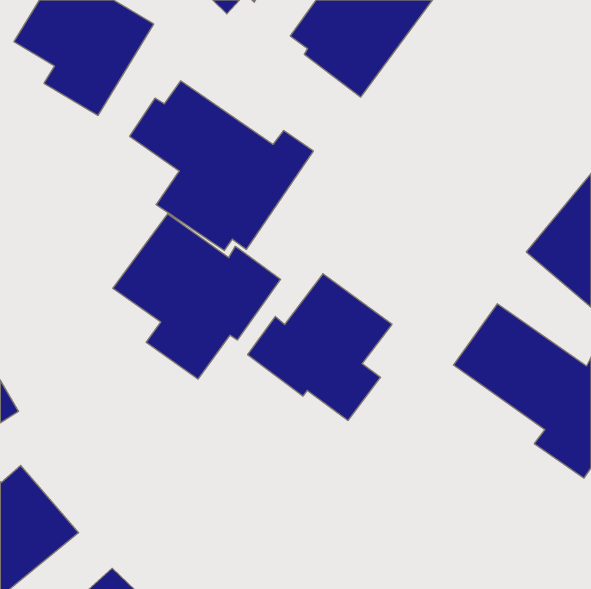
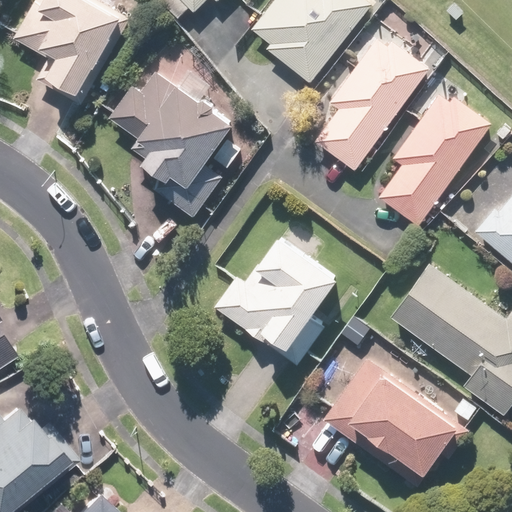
building: none -> [313,34,429,173]
building: none -> [381,89,492,225]
building: [113,214,281,379] -> none
building: none -> [323,355,461,486]

